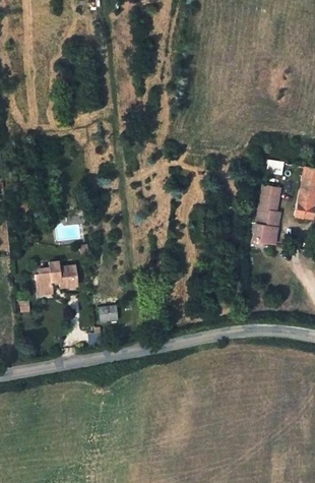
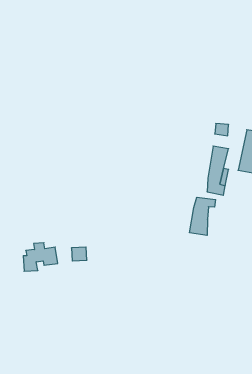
building: none -> [190,197,216,235]
building: [36,261,76,295] -> [23,243,58,271]

